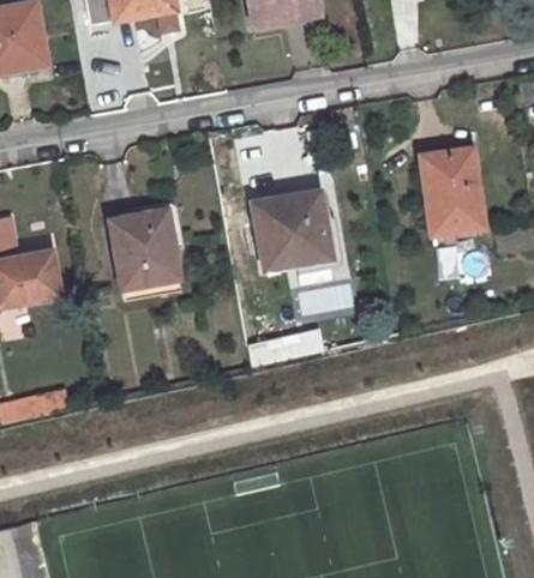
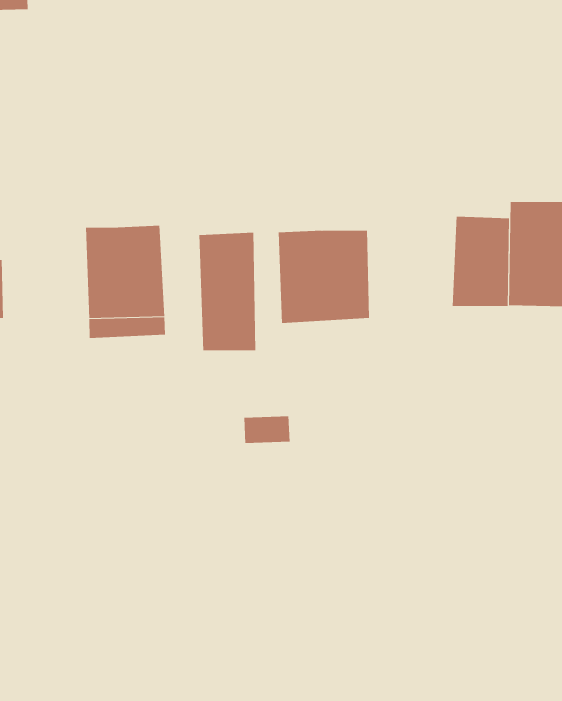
building: none -> [452,216,510,307]
building: none -> [199,232,256,351]

